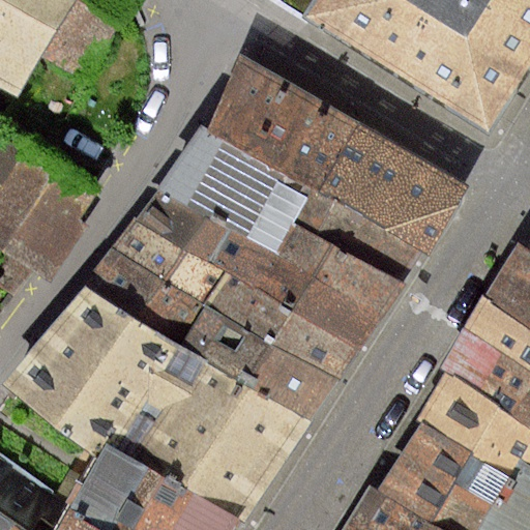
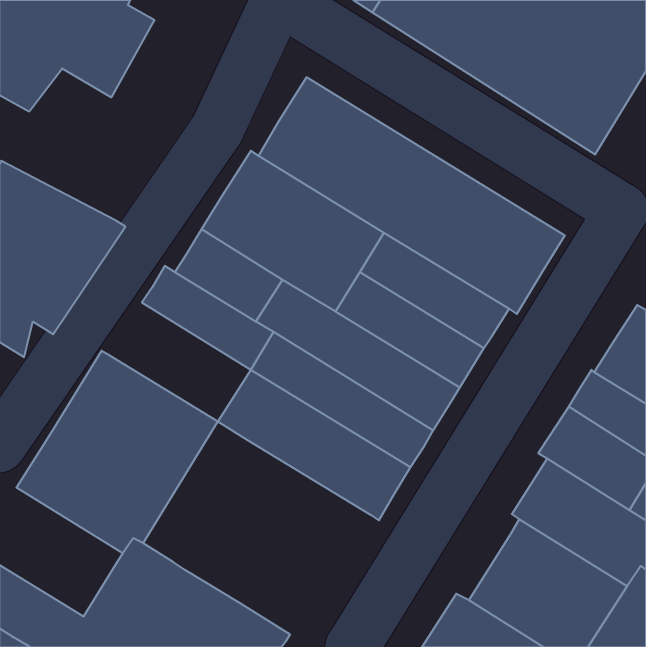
building: [90,247,205,345] -> none
building: [142,360,303,521] -> none

